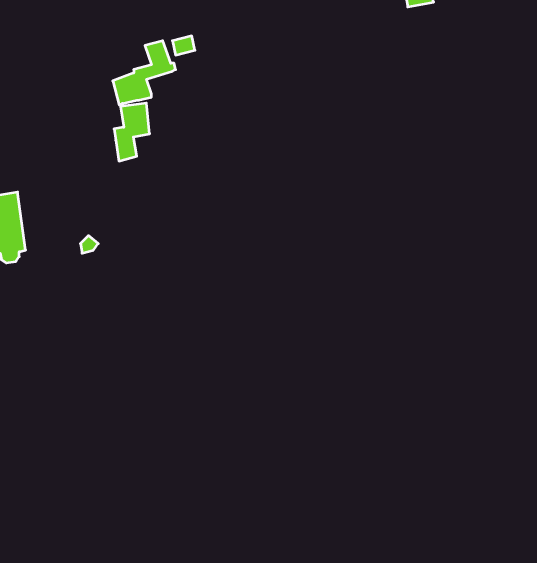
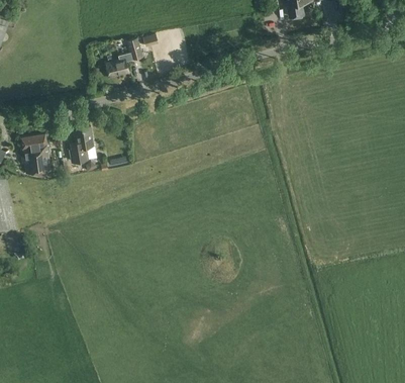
building: [114,103,150,161] -> [70,126,92,163]

